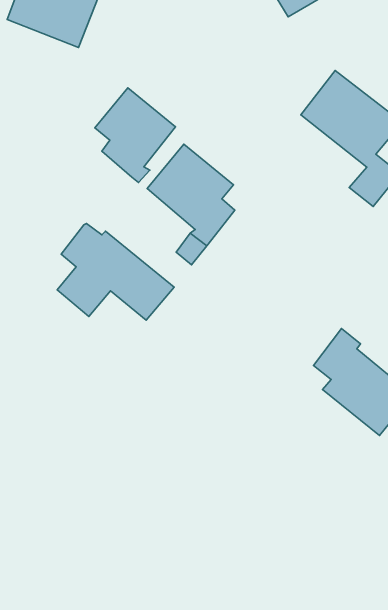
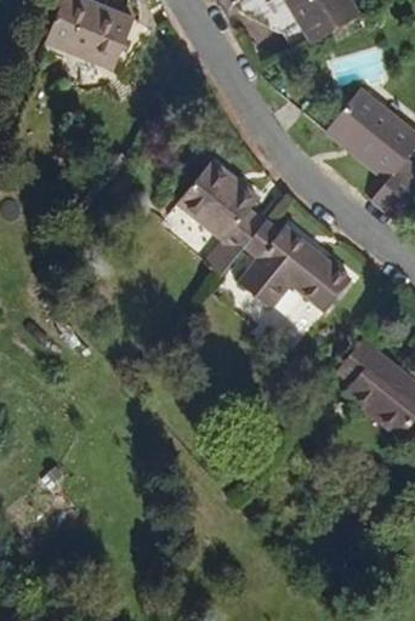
building: [95,88,176,183] -> none
building: [57,224,174,320] -> [238,221,349,313]

